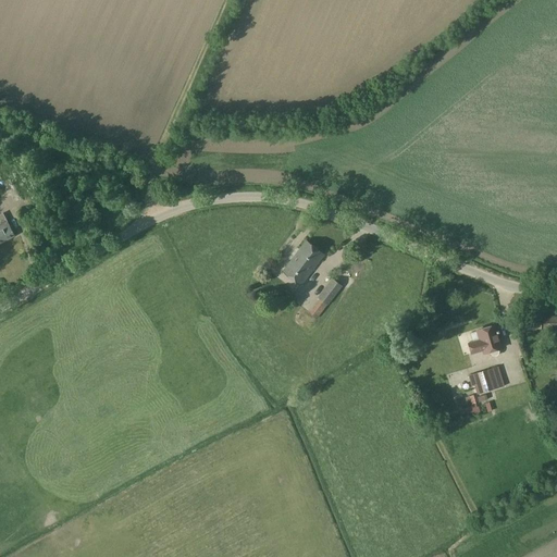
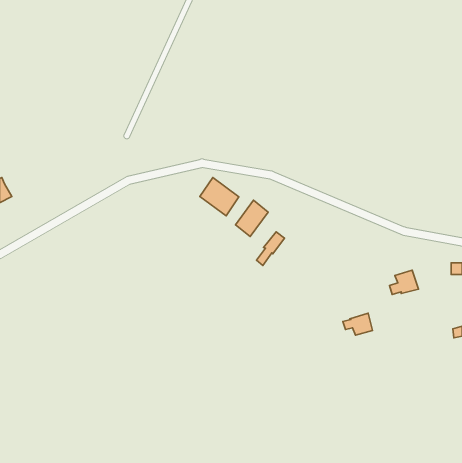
building: none -> [200,177,239,216]
building: [467,366,503,392] -> [343,313,373,335]

